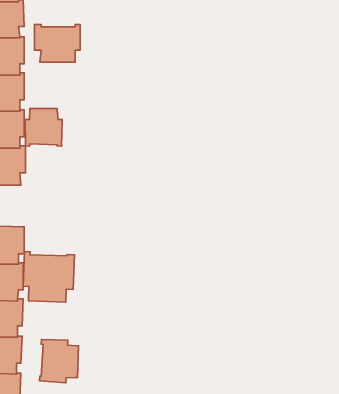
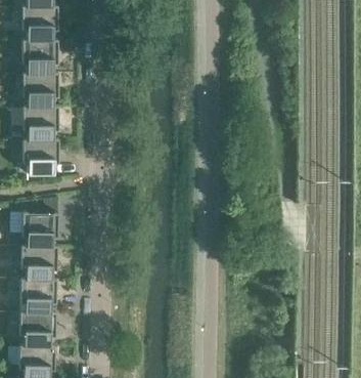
building: [35,25,80,62] -> none
building: [25,108,62,146] -> none
building: [23,252,74,302] -> none
building: [40,339,78,383] -> none

